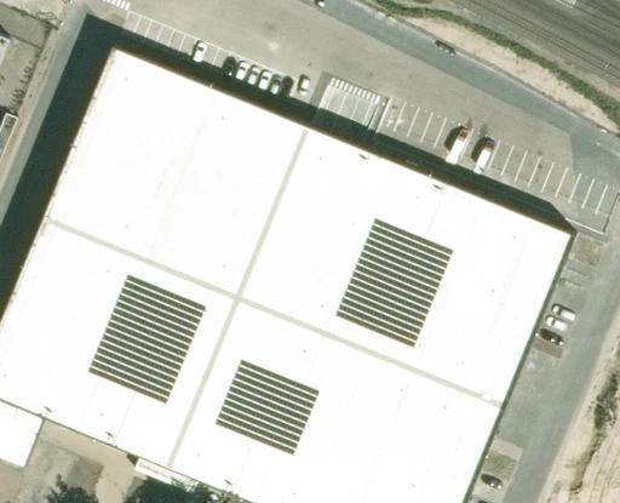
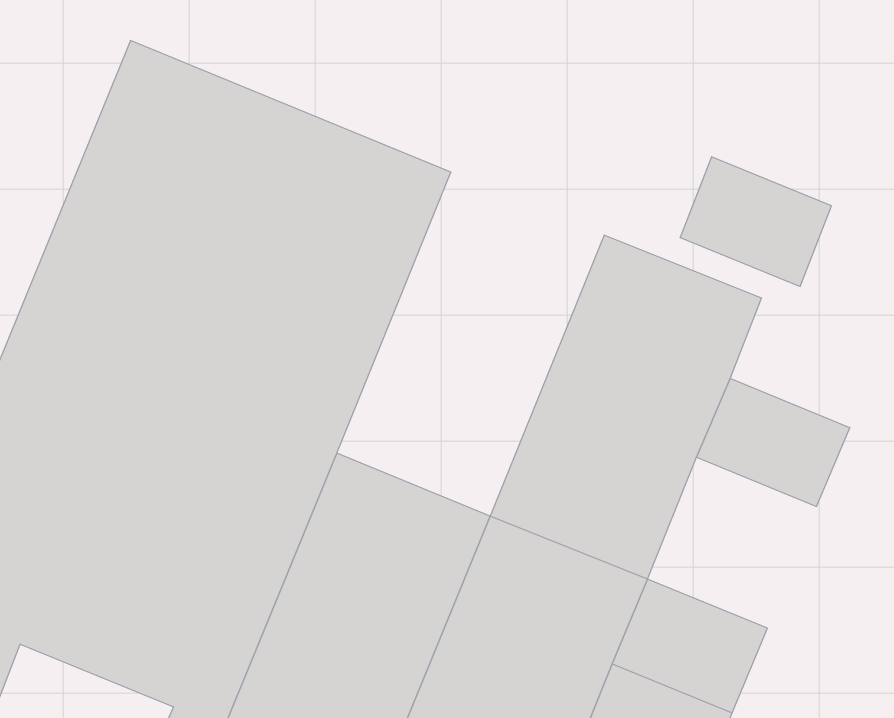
building: [236,126,401,338] -> none
building: [478,204,572,284] -> [680,157,831,286]
building: [427,302,532,407] -> none

